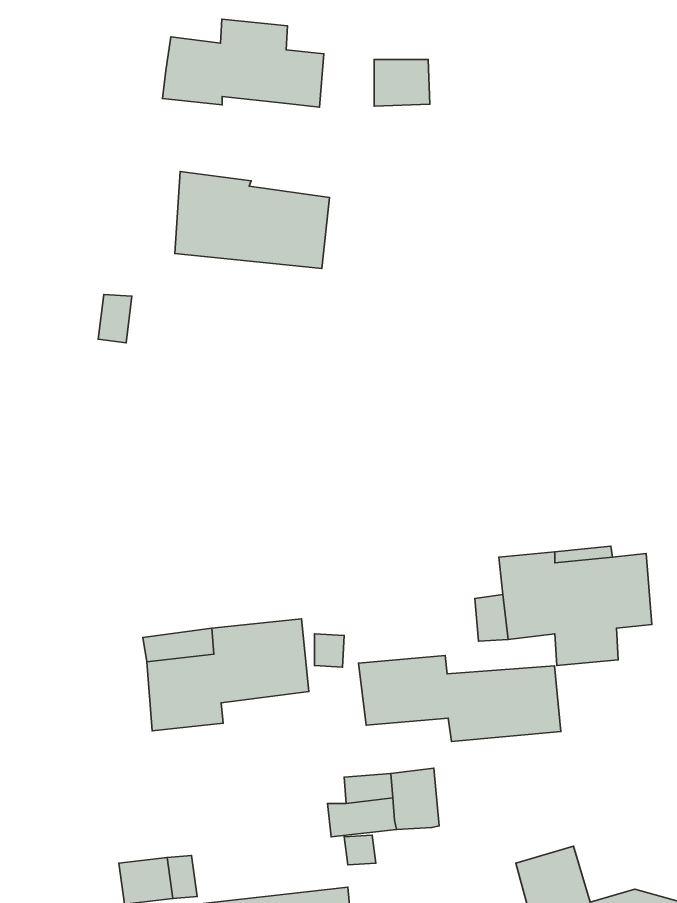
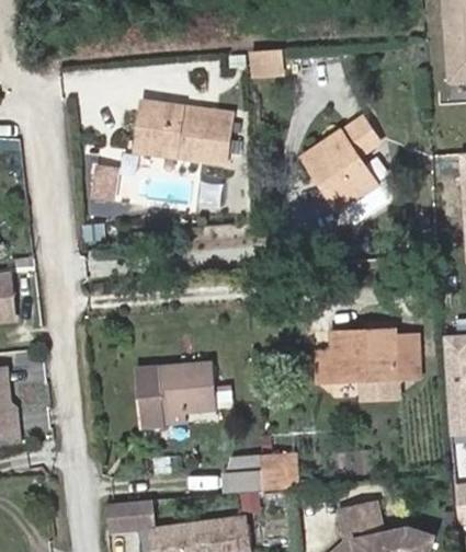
building: [163,19,324,107] -> none
building: none -> [302,119,394,221]
building: [358,655,561,742] -> none

